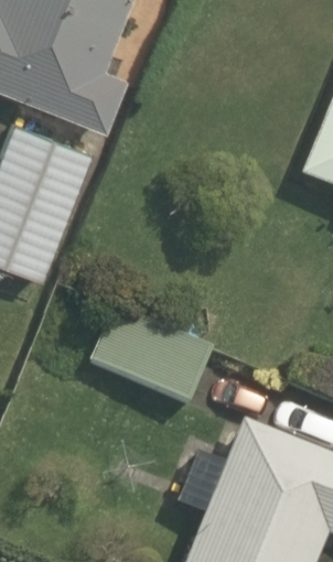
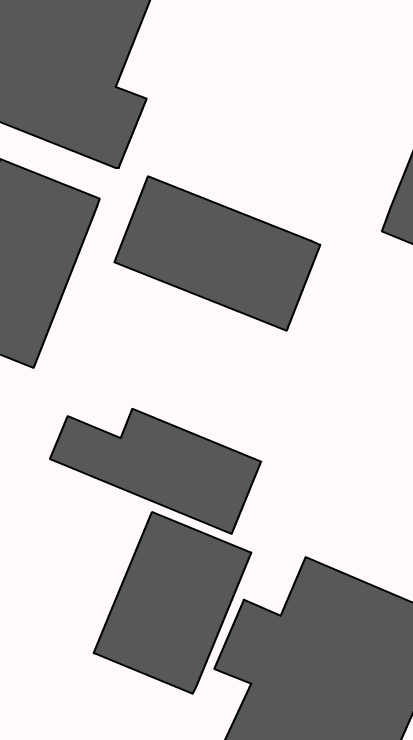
building: none -> [114,176,320,331]
building: none -> [94,512,251,694]

